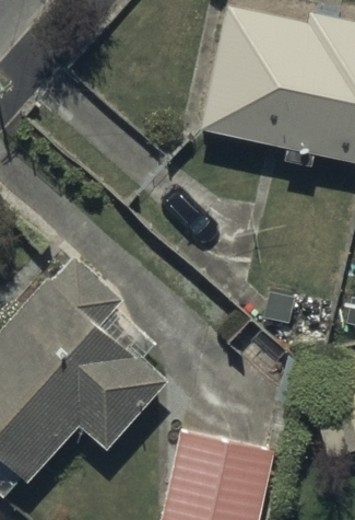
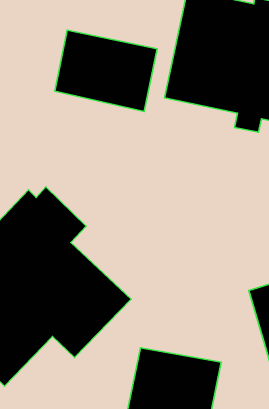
building: none -> [55,30,157,111]

